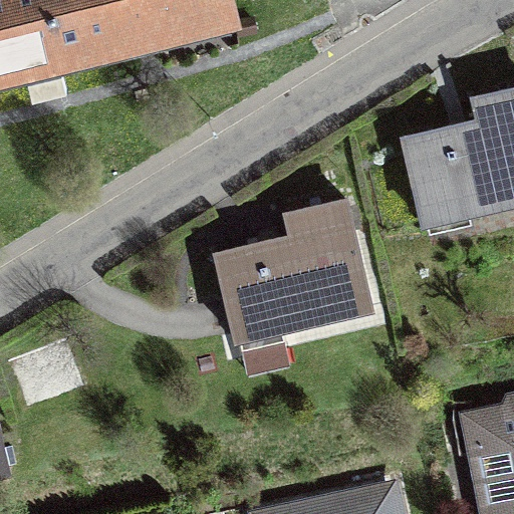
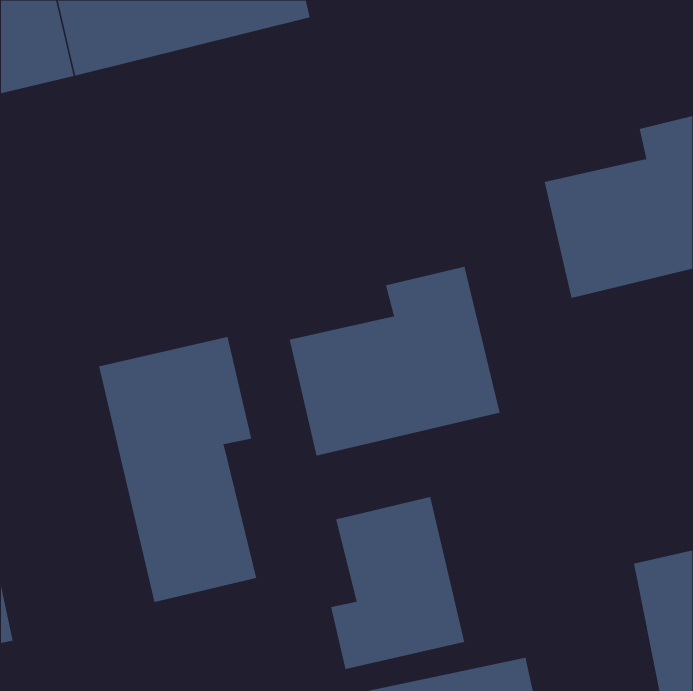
building: none -> [98,336,257,603]
building: none -> [331,496,465,670]

